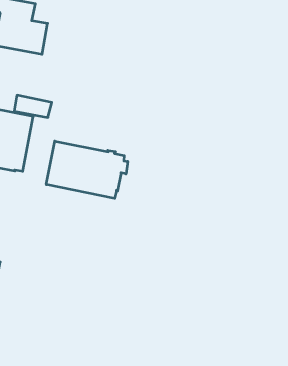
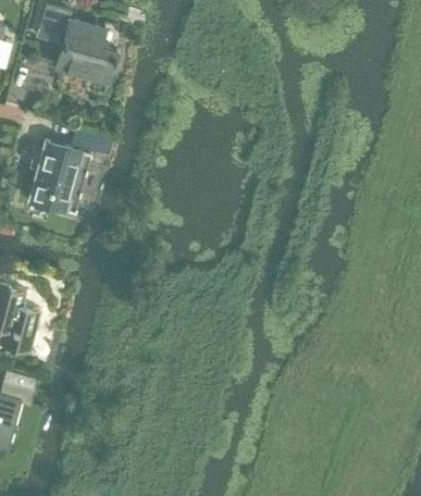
building: [46,141,128,198] -> none

